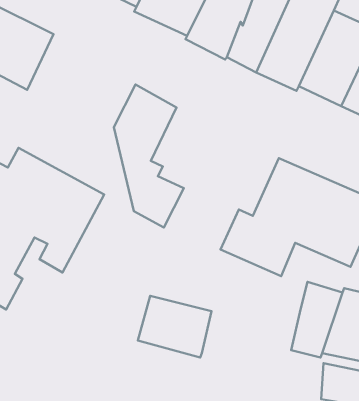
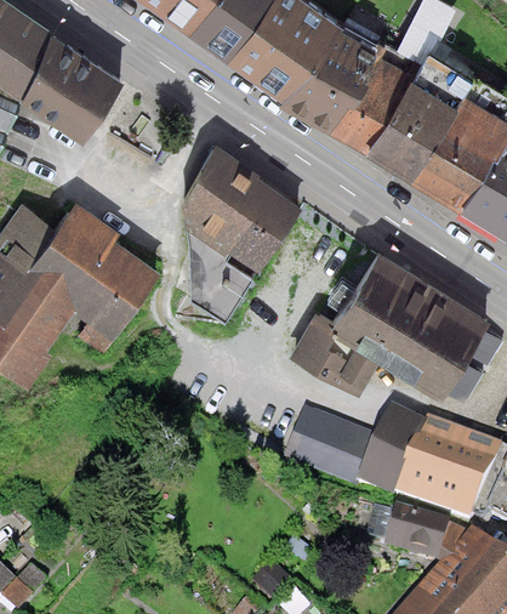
building: none -> [221,180,303,267]
building: [138,296,211,358] -> [284,410,376,491]

